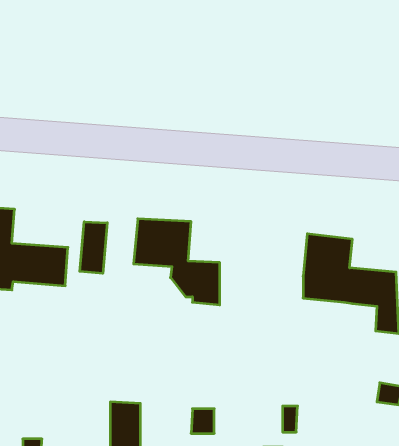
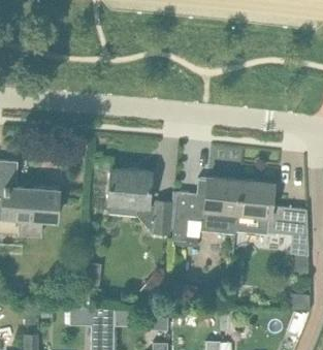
building: [80,222,107,273] -> none
building: none -> [173,178,239,242]

